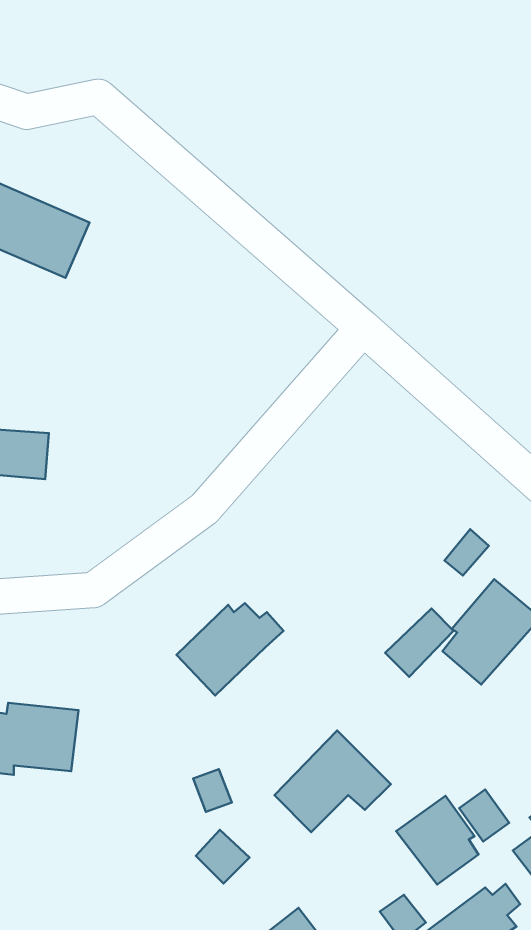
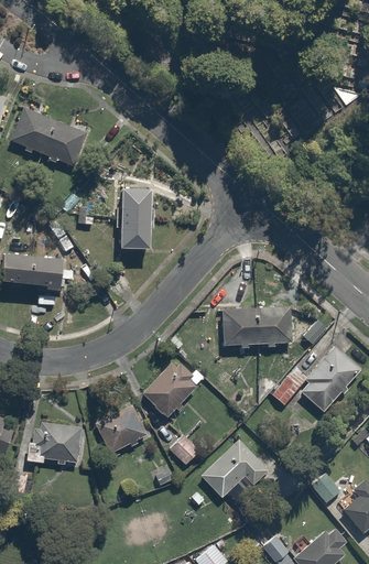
building: none -> [119,185,152,249]
building: none -> [221,306,293,346]
building: none -> [94,403,148,455]
building: [396,796,479,885] -> none
building: [196,830,249,883] -> [169,433,200,465]

